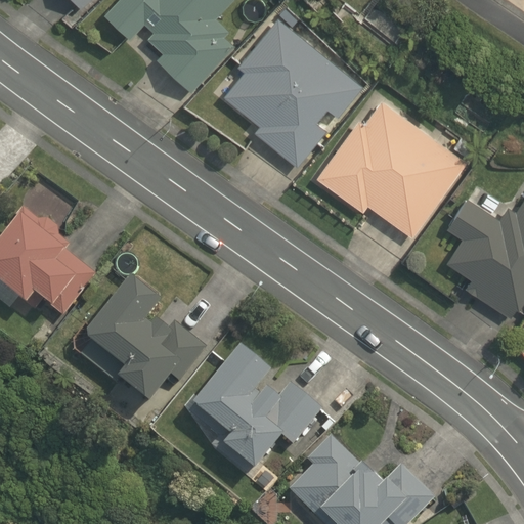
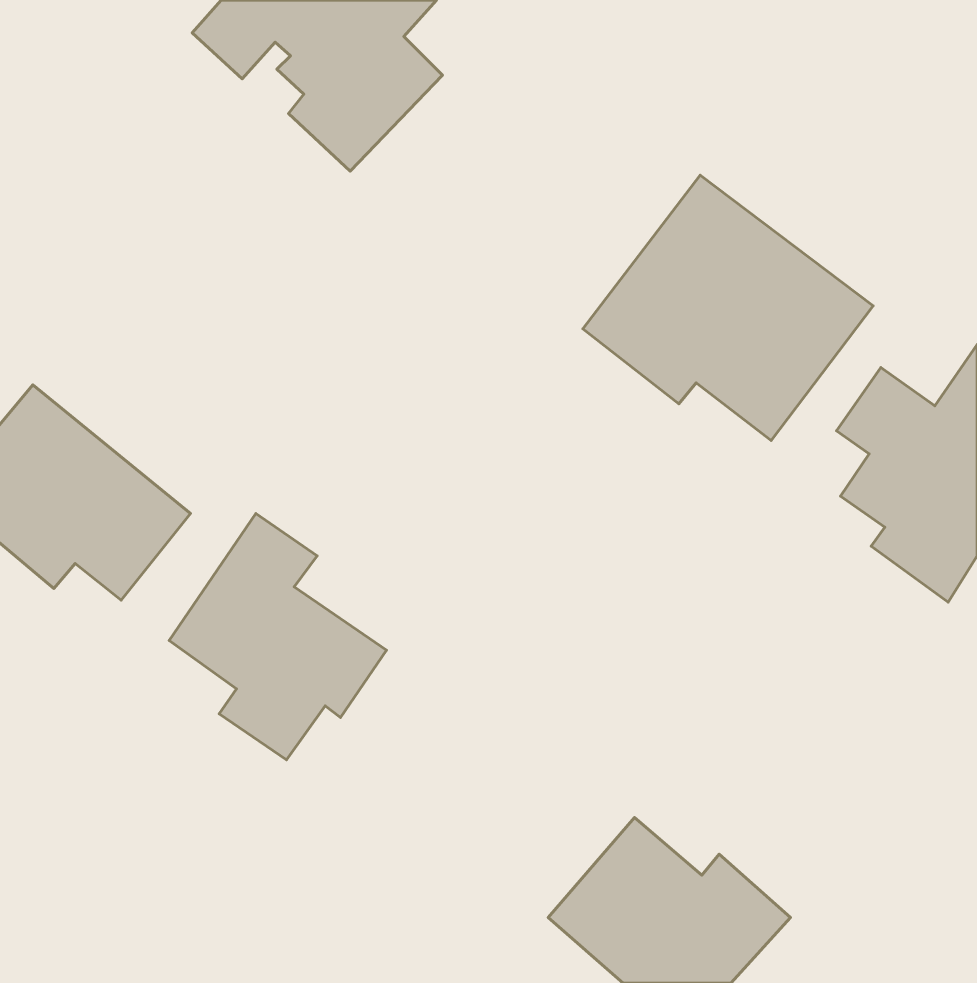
building: [221,15,362,165] -> none
building: [193,345,325,473] -> none

